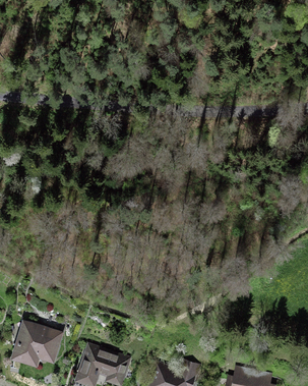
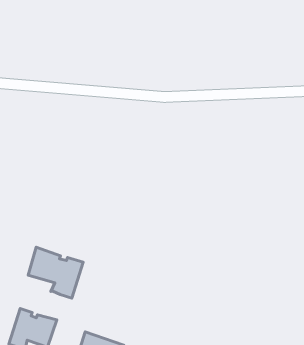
building: none -> [28,247,83,298]

